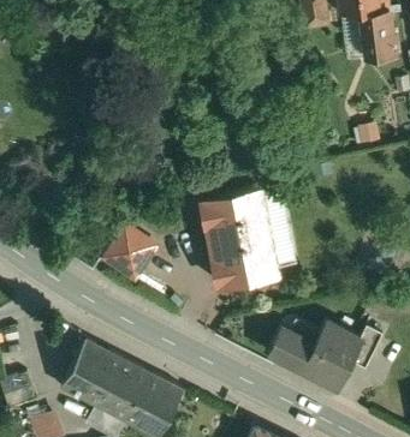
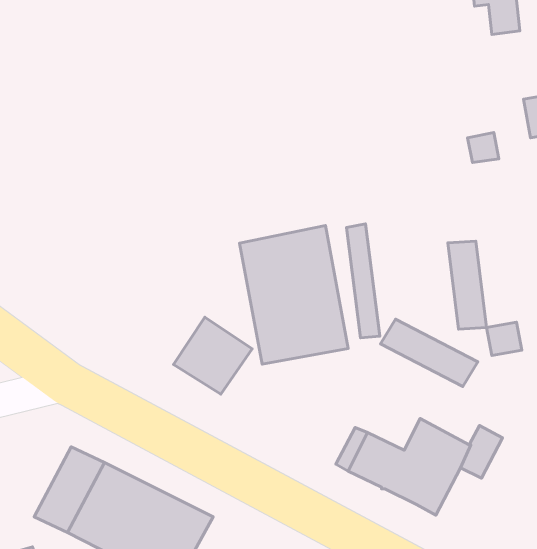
building: none -> [448,241,487,329]
building: [101,227,155,280] -> [173,317,252,394]
building: none -> [381,319,478,386]

